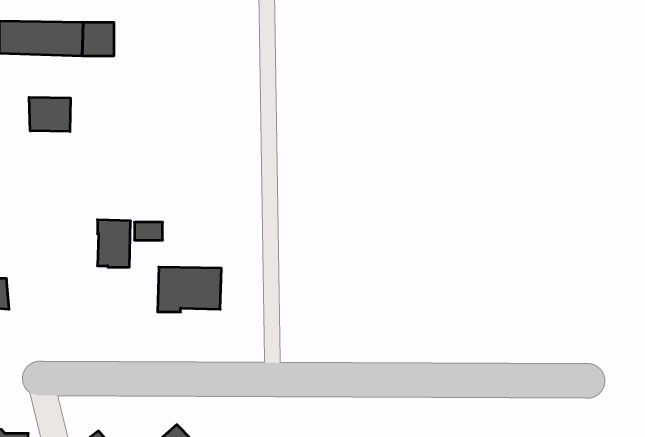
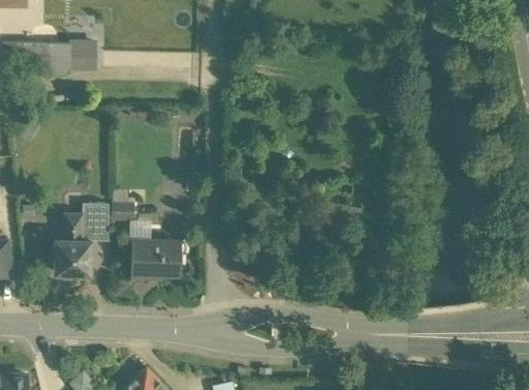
building: [29,97,70,132] -> none
building: none -> [55,213,90,277]

